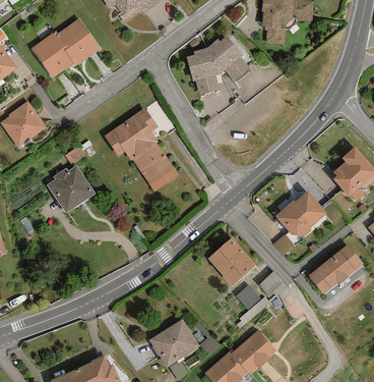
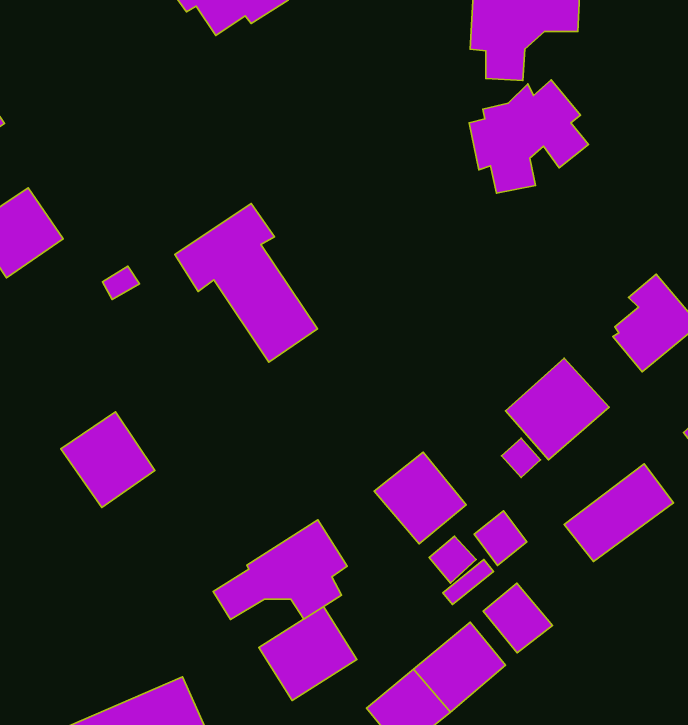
building: [29,15,99,78] -> none
building: [186,36,248,95] -> [469,80,588,193]
building: [44,164,92,214] -> [61,412,155,508]
building: none -> [213,520,347,619]
building: none -> [483,583,552,653]

